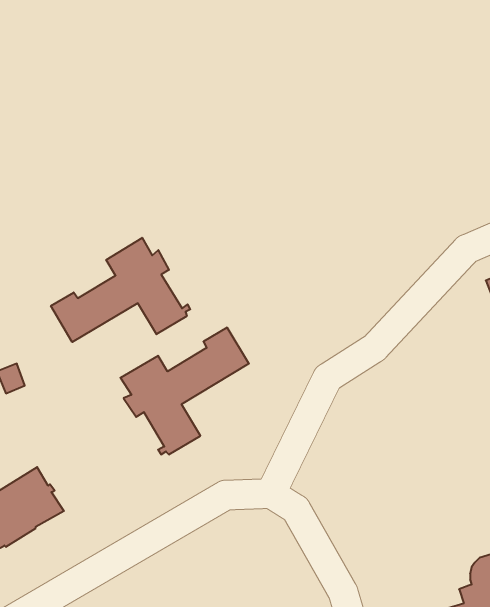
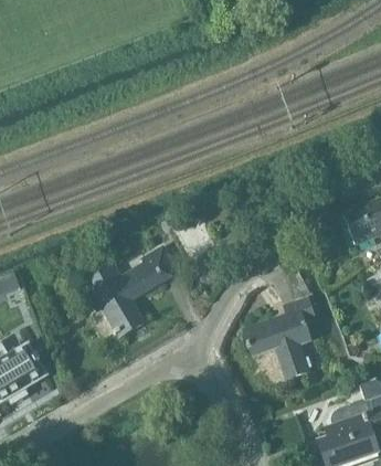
building: [51,238,190,342] -> none
building: none -> [245,297,315,377]

